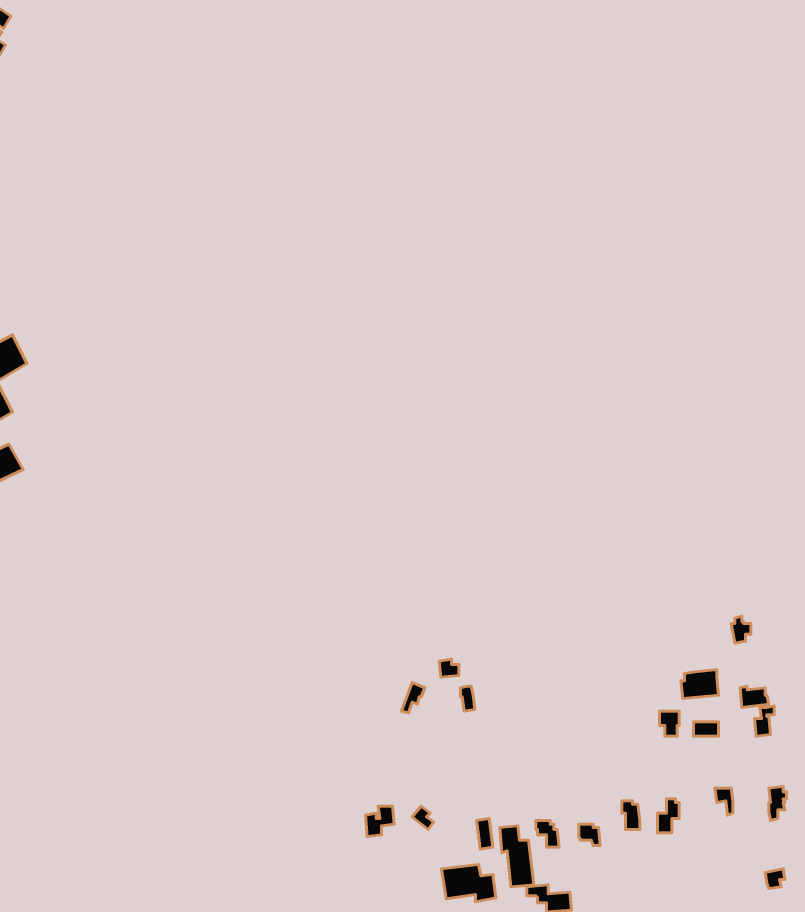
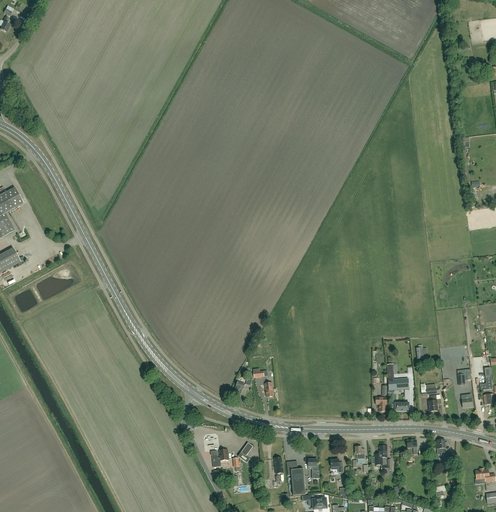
building: [442,864,496,902] -> none

